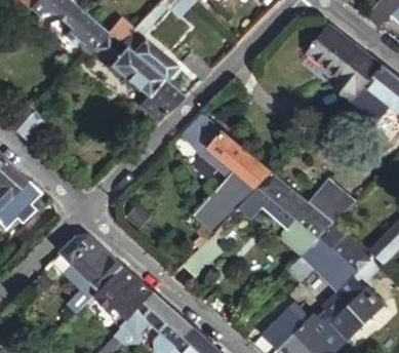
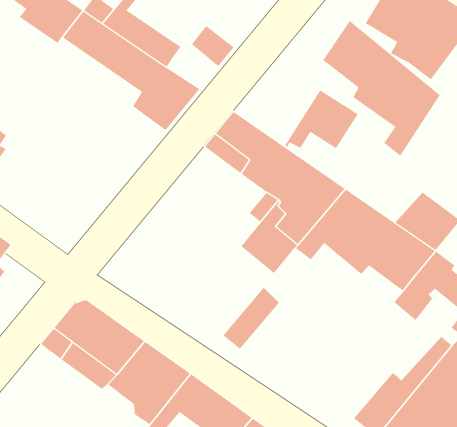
building: none -> [322,20,440,156]
building: none -> [284,90,358,149]

